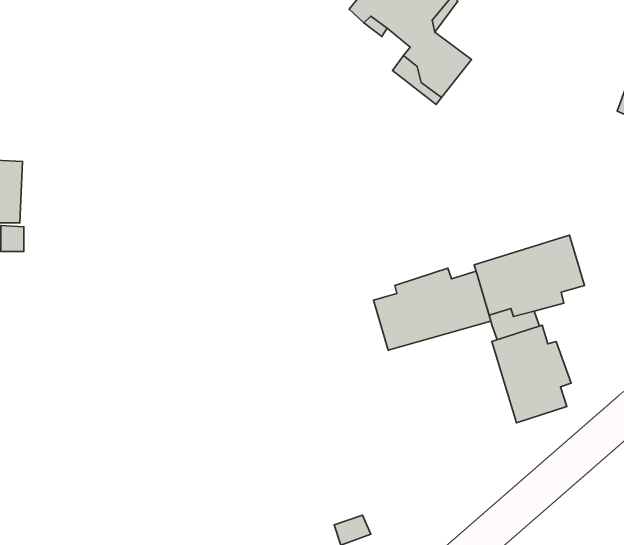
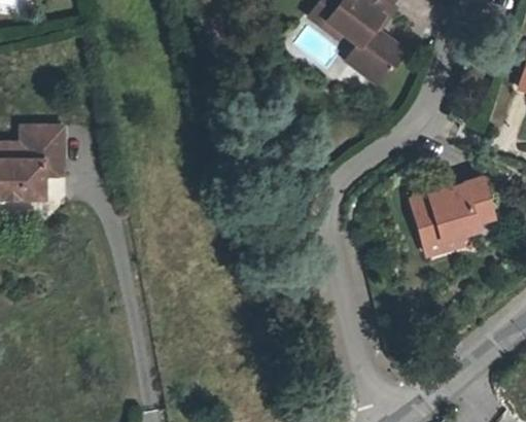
building: [373,268,491,350] -> none
building: [492,325,571,423] -> none

